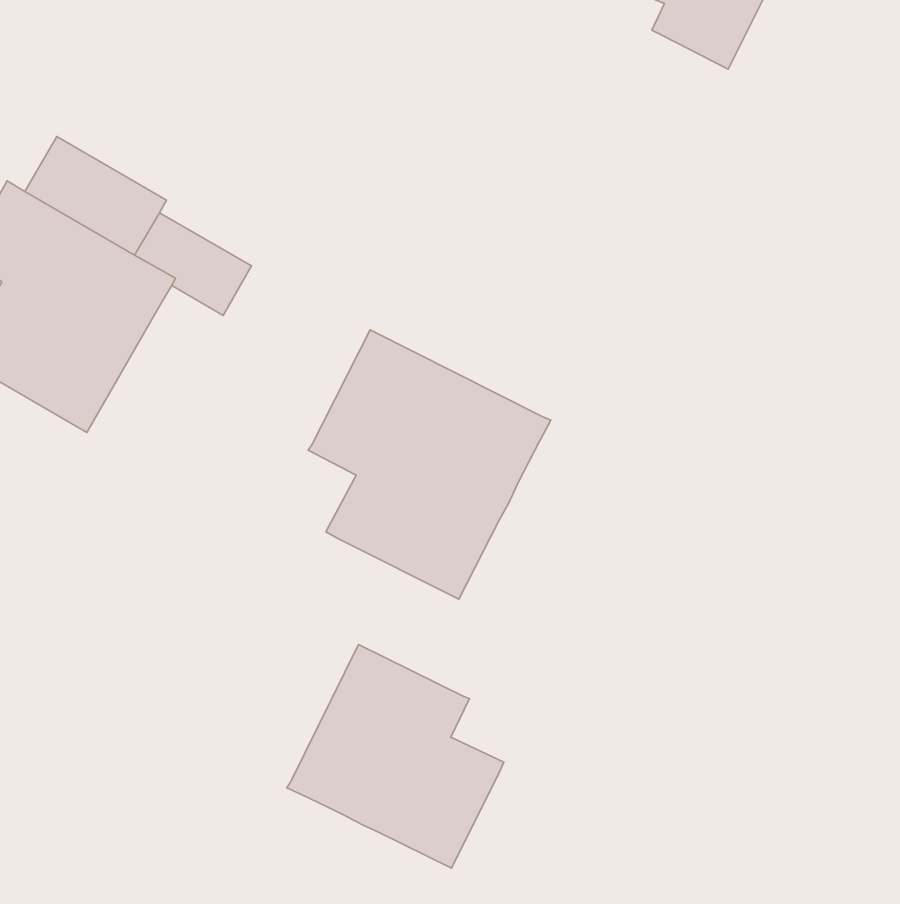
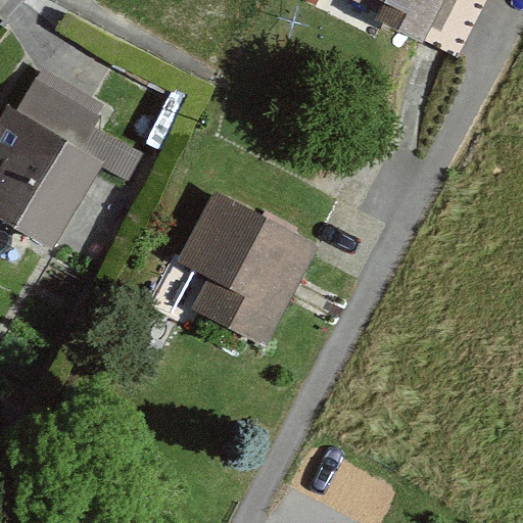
building: [287,644,504,868] -> none

